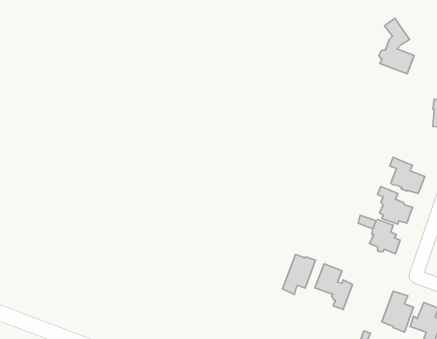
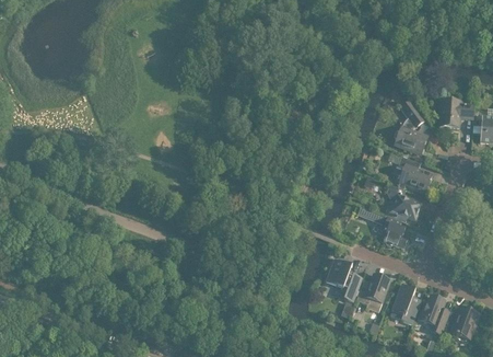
building: [379,18,414,74] -> [394,100,427,153]
building: [283,255,316,294] -> none
building: none -> [356,274,390,312]

